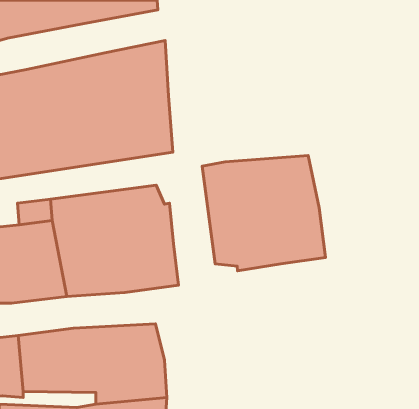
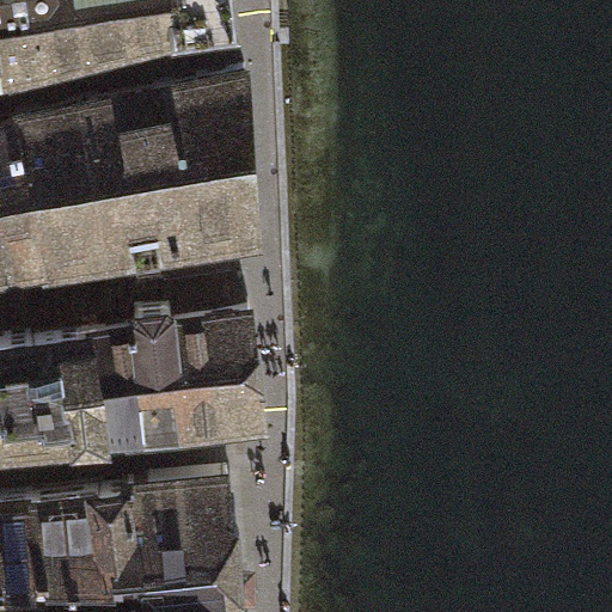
building: [202,155,325,271] -> none

